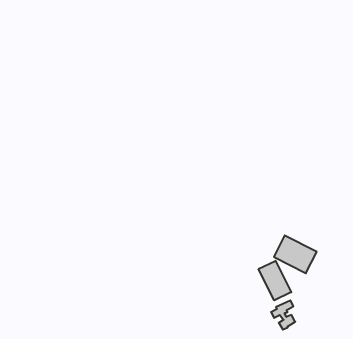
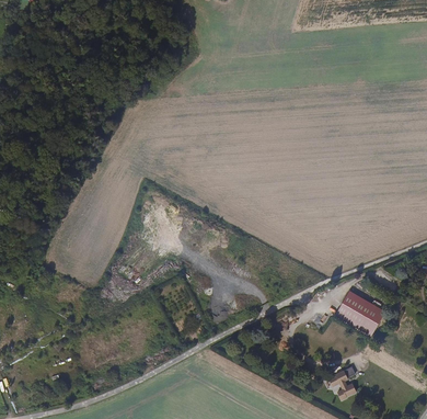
building: [259,261,291,300] -> none

